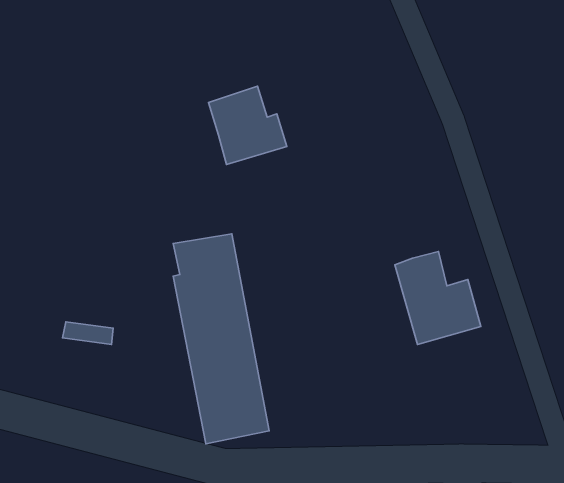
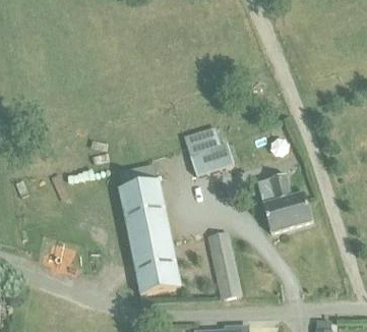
building: [209,86,287,164] -> [185,125,234,174]
building: none -> [207,231,239,298]

